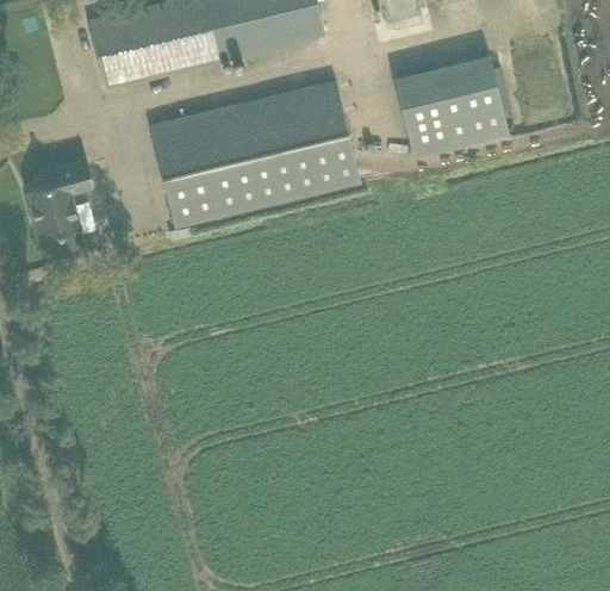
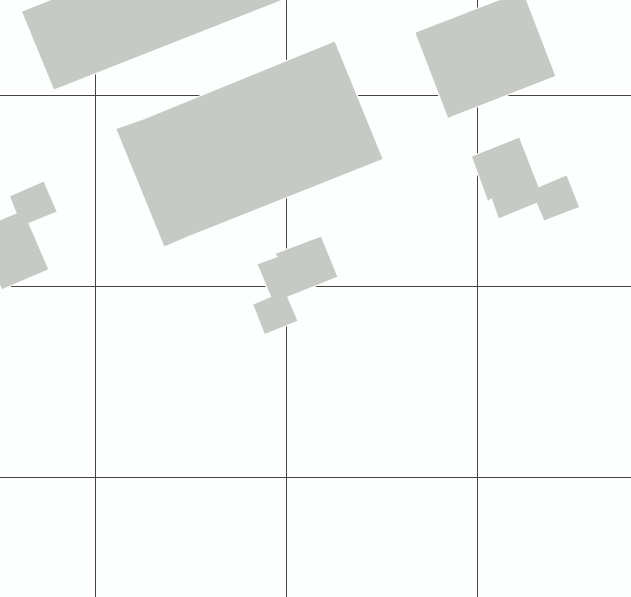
building: none -> [471,137,580,221]
building: none -> [252,236,338,335]

